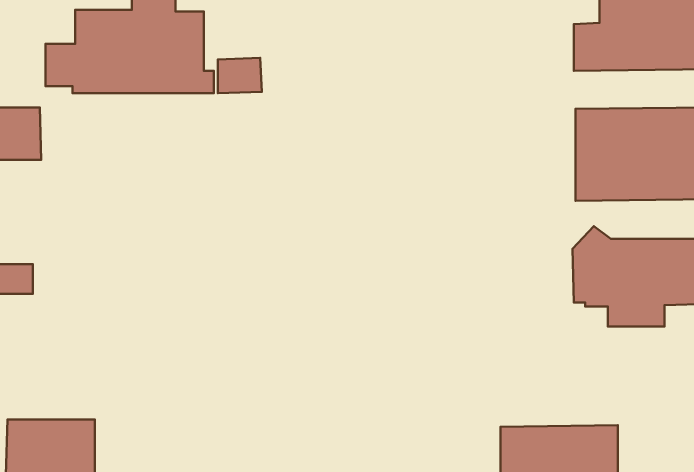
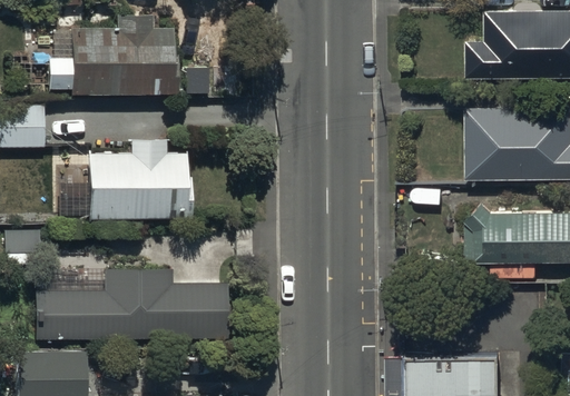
building: none -> [77,138,190,219]
building: none -> [35,269,228,340]

